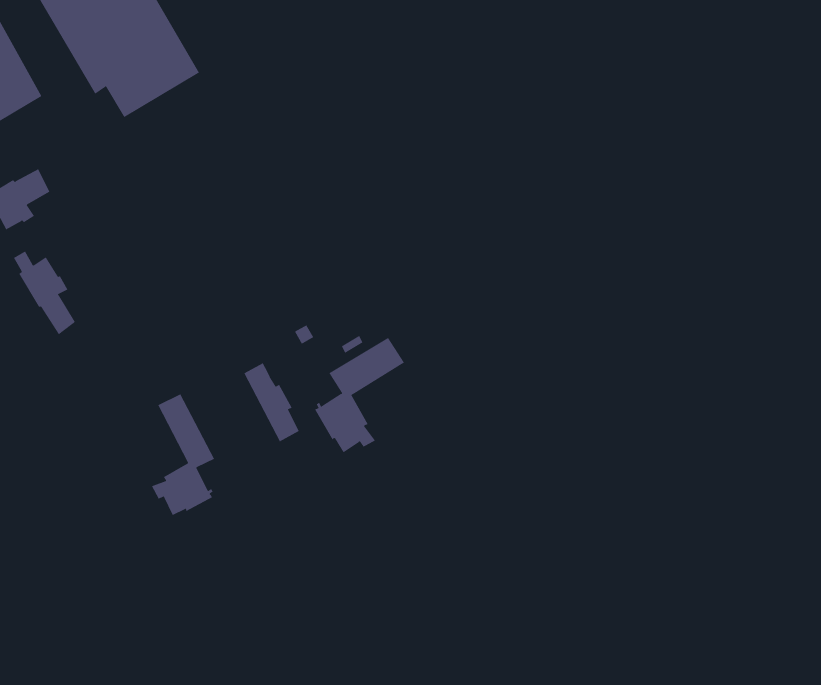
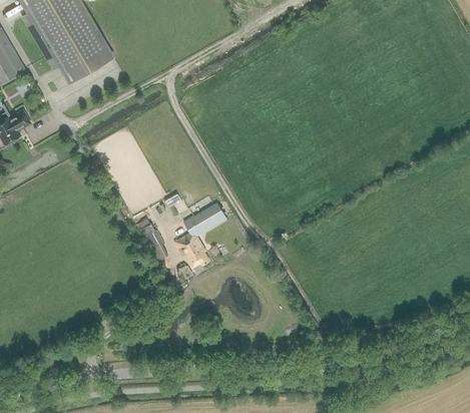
building: [13,251,77,335] -> none
building: [151,394,215,516] -> none

